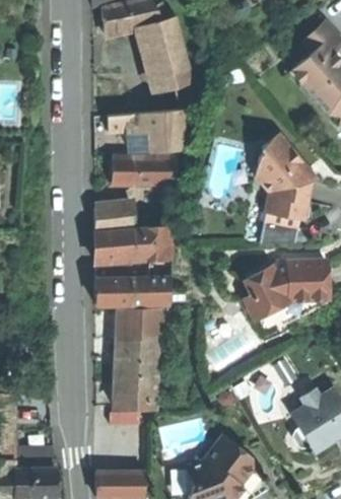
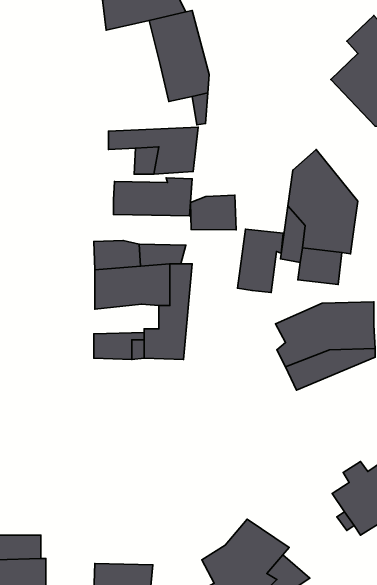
building: none -> [190,195,236,230]
building: none -> [237,229,283,292]
building: [111,310,161,407] -> none

